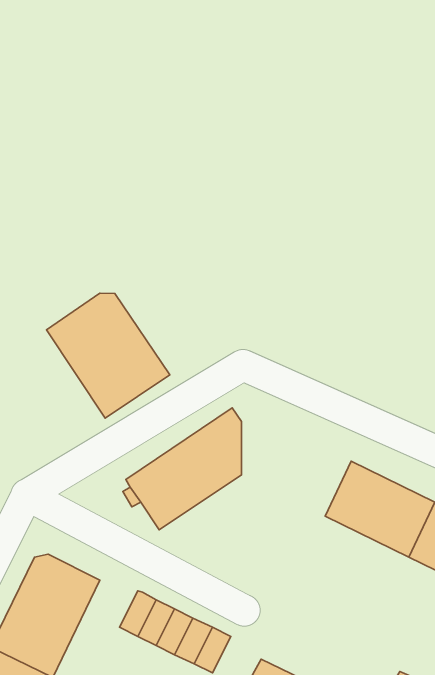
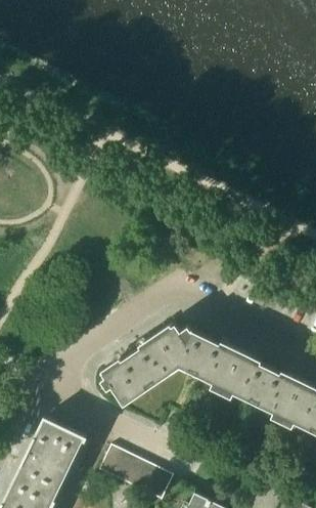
building: [46,293,170,418] -> none
building: none -> [180,328,254,396]

